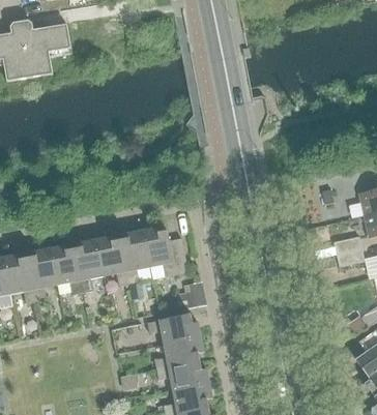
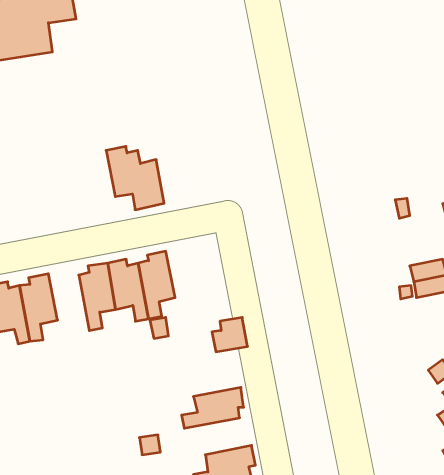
building: [141,227,186,276] -> [106,146,164,210]
building: [49,244,81,294] -> none
building: [146,314,200,344] -> none
building: [155,360,208,389] -> none

